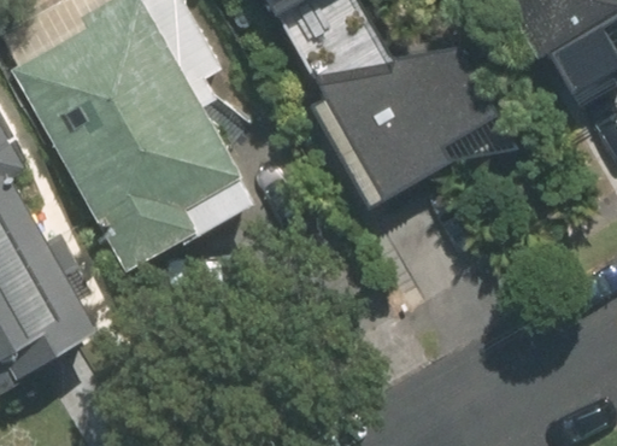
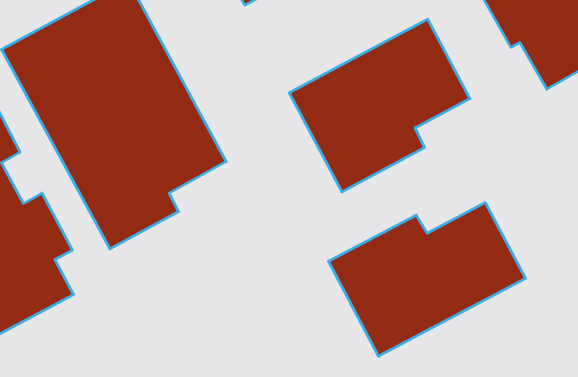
building: none -> [328,203,525,356]

